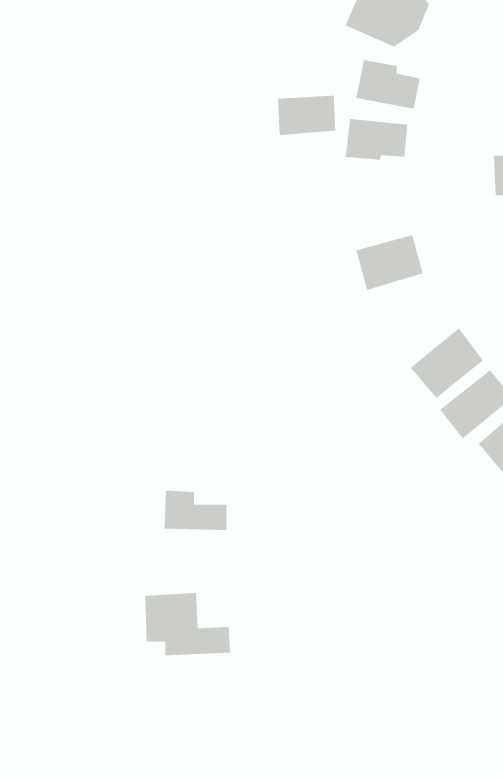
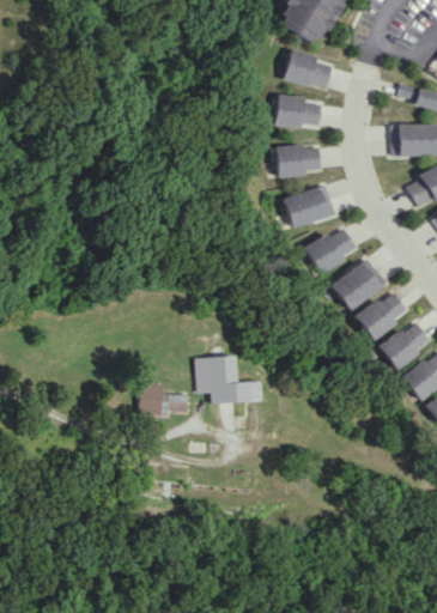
building: [277,95,336,136] -> [279,145,324,176]
building: none -> [304,226,356,274]
building: [144,592,231,656] -> [193,354,260,403]

